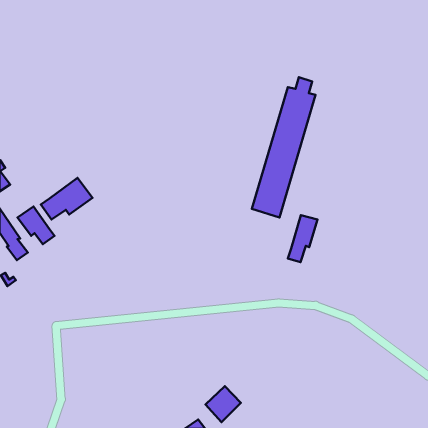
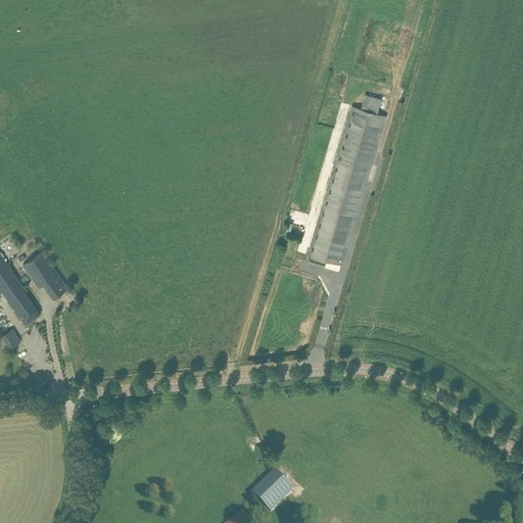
building: [41,178,93,219] -> none
building: [288,215,318,262] -> none

